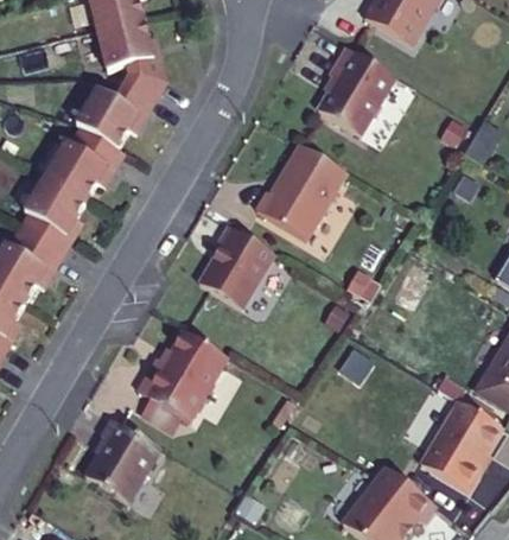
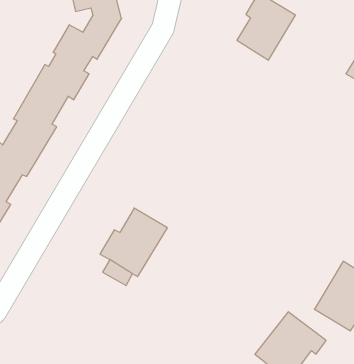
building: [256,144,346,240] -> none
building: [198,225,274,307] -> none
building: [85,419,160,501] -> none

